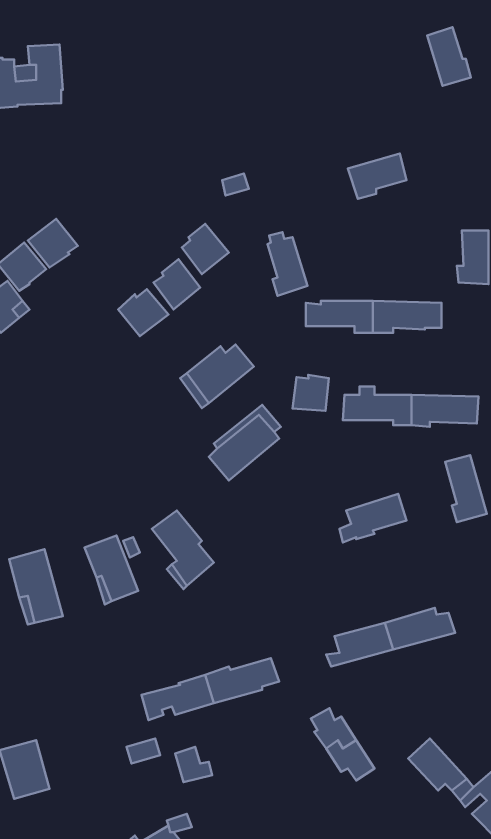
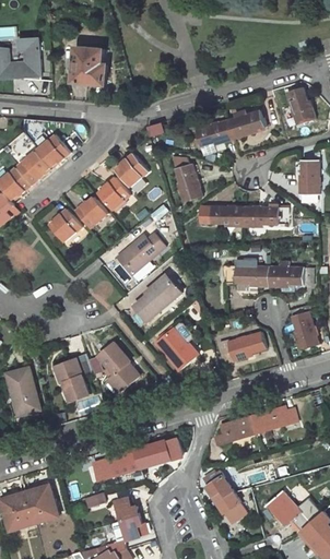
building: [427,27,471,86] -> [285,86,314,124]
building: none -> [73,48,107,85]
building: none -> [196,119,234,145]
building: none -> [39,135,71,167]
building: none -> [52,210,83,241]
building: [292,375,329,411] -> none
building: none -> [158,328,199,370]
building: none -> [24,484,57,523]
building: none -> [120,514,148,539]

